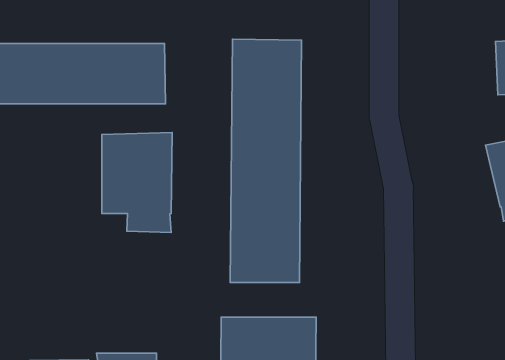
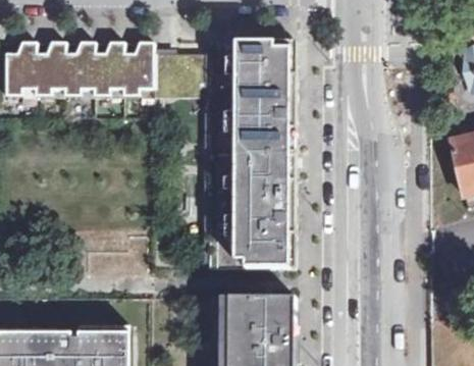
building: [102,133,172,233] -> none

